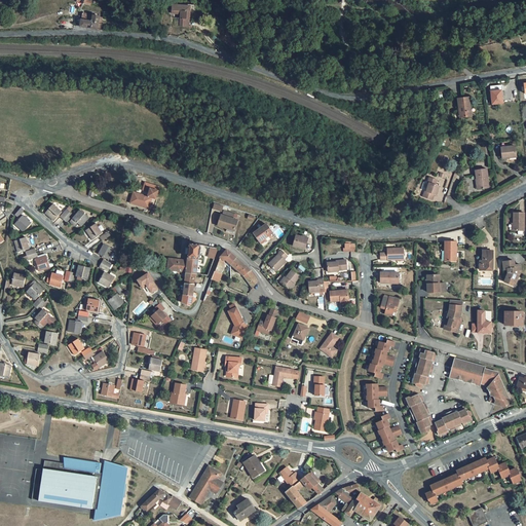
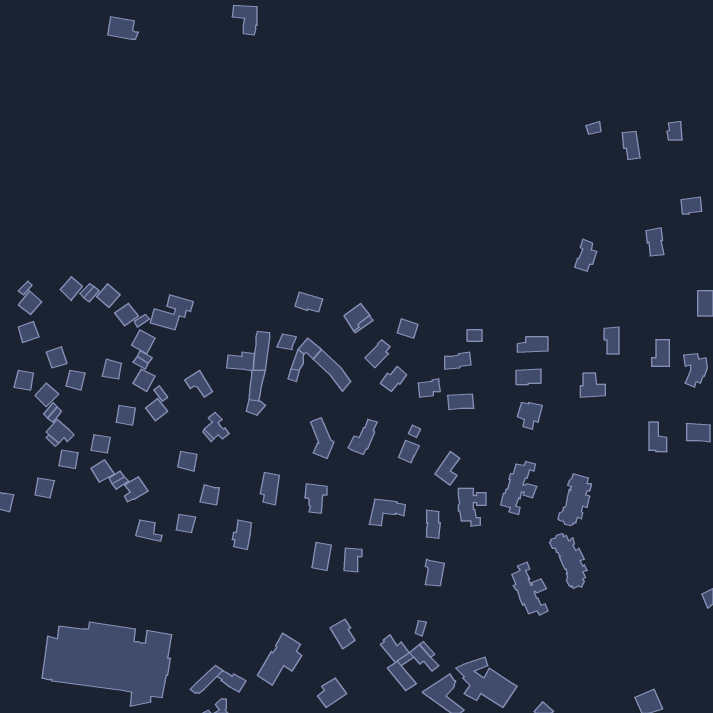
building: [129,182,161,208] -> [150,295,193,330]
building: [445,299,461,333] -> none
building: [448,358,510,406] -> none
building: [366,383,386,411] -> [458,489,486,526]
building: [433,407,472,435] -> none
building: [424,456,520,503] -> none

